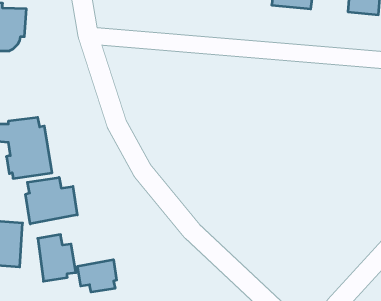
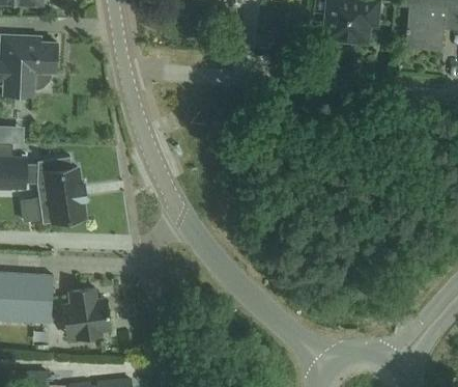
building: [26,177,77,224] -> none
building: [78,260,117,292] -> none

